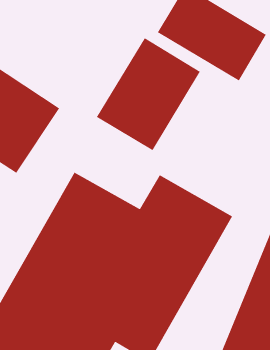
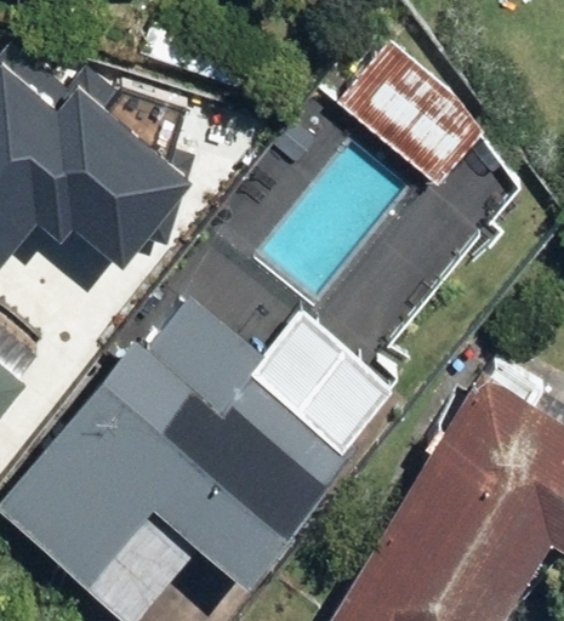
building: [96,37,201,151] -> none

